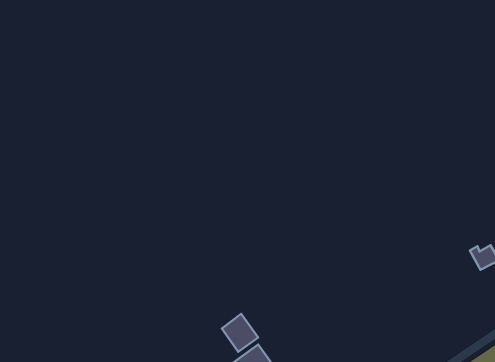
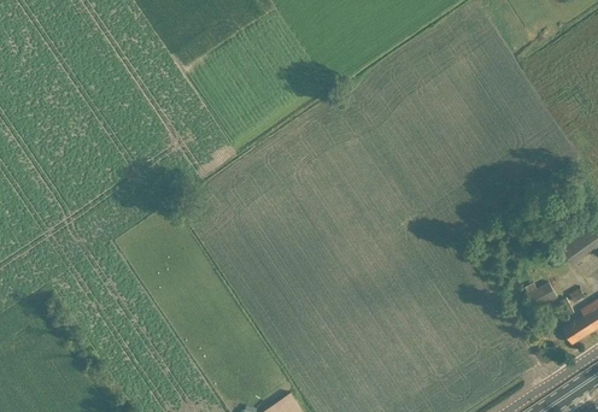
building: [222,314,258,352] -> none

